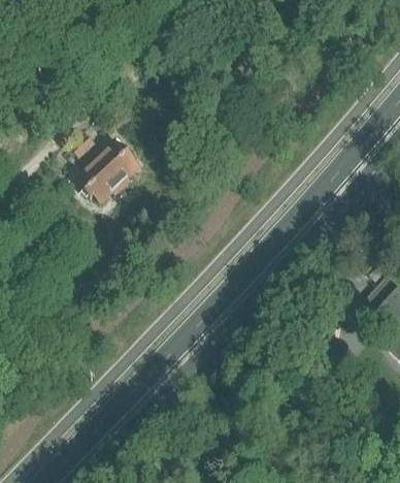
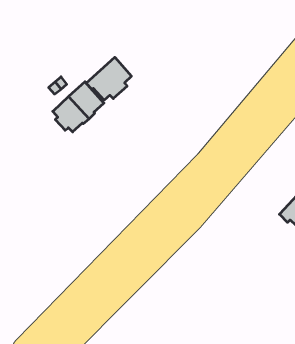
building: none -> [86,57,131,100]

